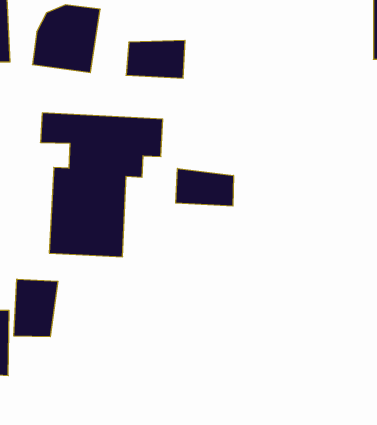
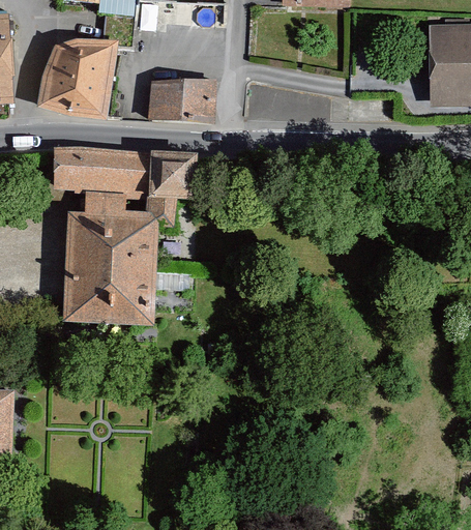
building: [176,168,233,206] -> none
building: [14,279,58,337] -> none

